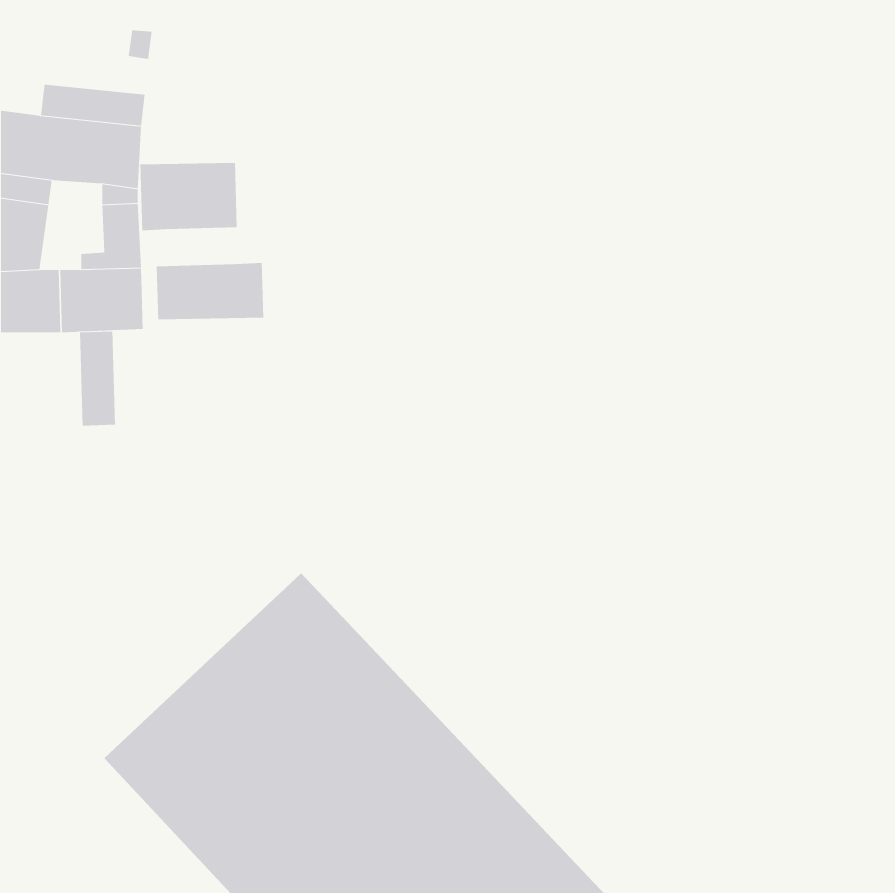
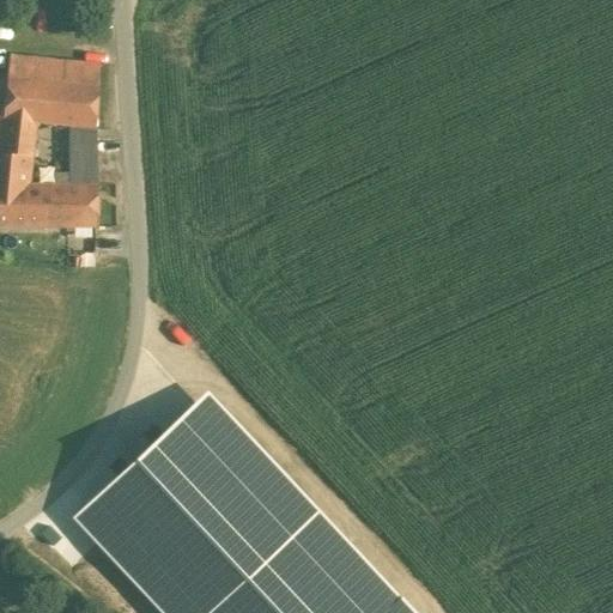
building: [140,162,237,231] -> none
building: [156,262,264,320] -> none
building: [79,331,116,426] -> none

